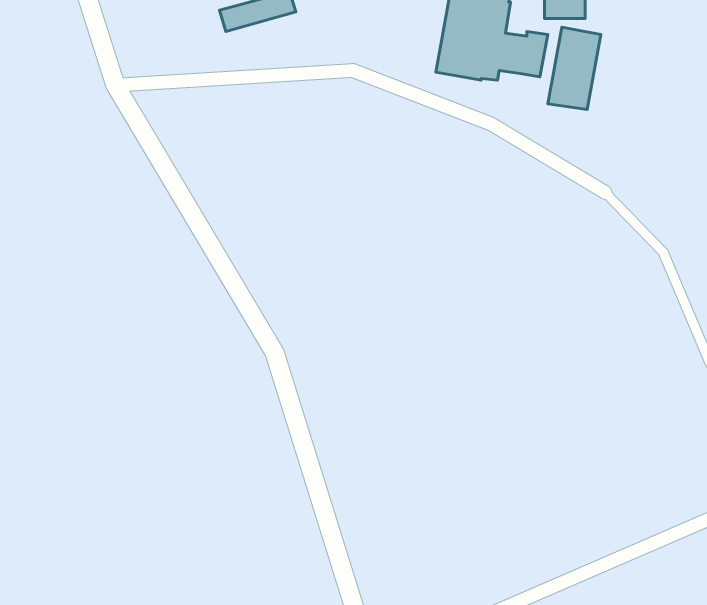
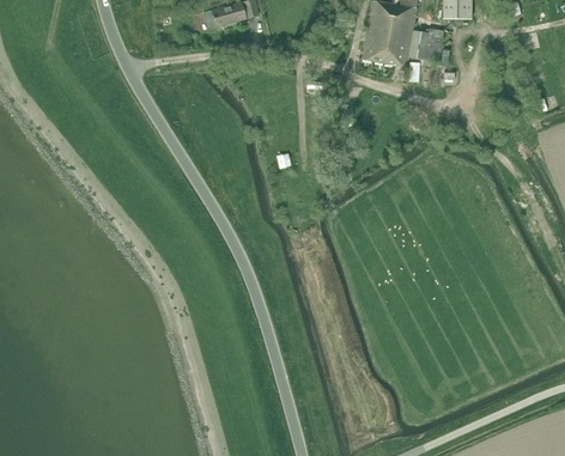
building: [548,27,601,109] -> none

